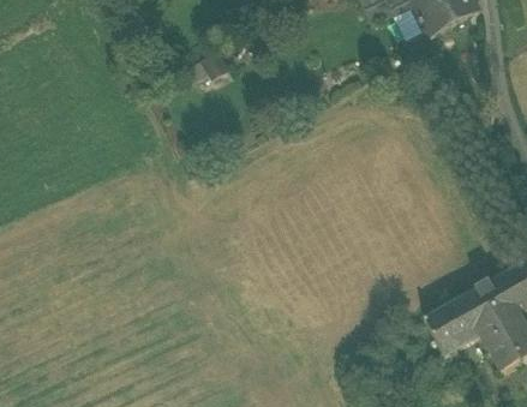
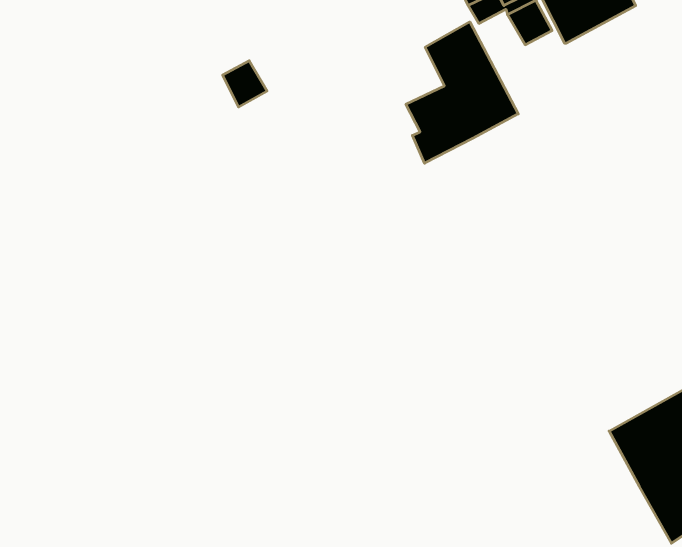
building: none -> [406,22,518,163]
building: [425,295,481,353] -> none

